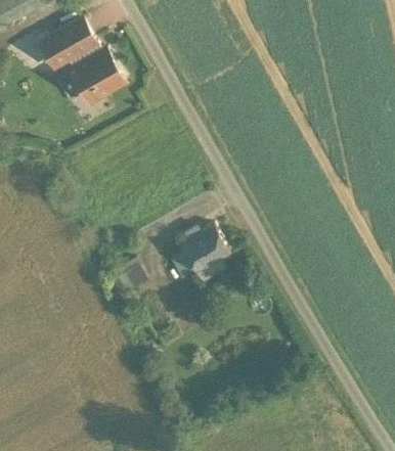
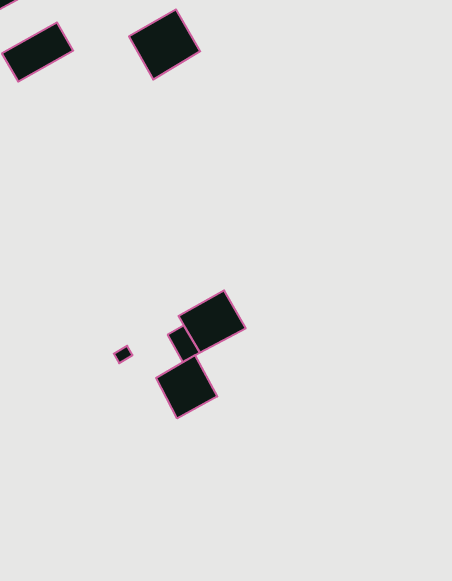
building: [70,48,124,101] -> [129,9,200,80]
building: none -> [156,355,217,418]

